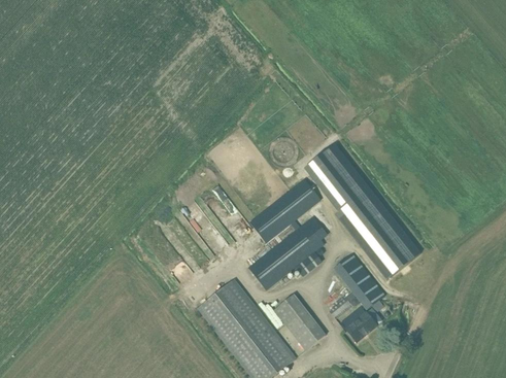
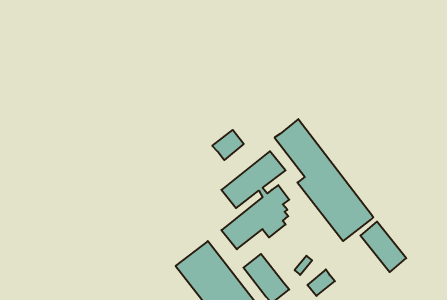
building: none -> [212,130,244,160]
building: [335,252,386,309] -> [360,222,406,272]

